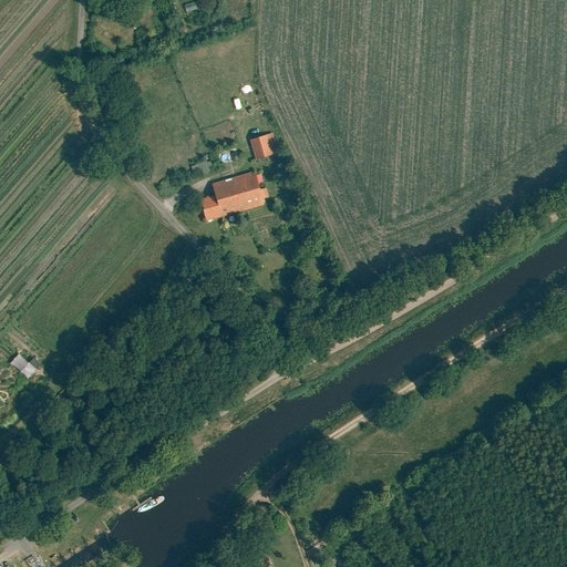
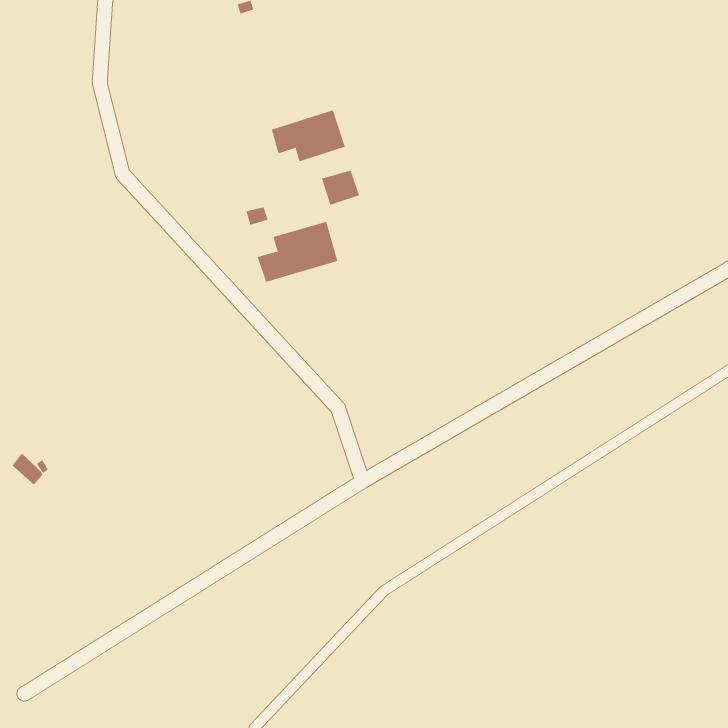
building: none -> [271,110,345,162]

